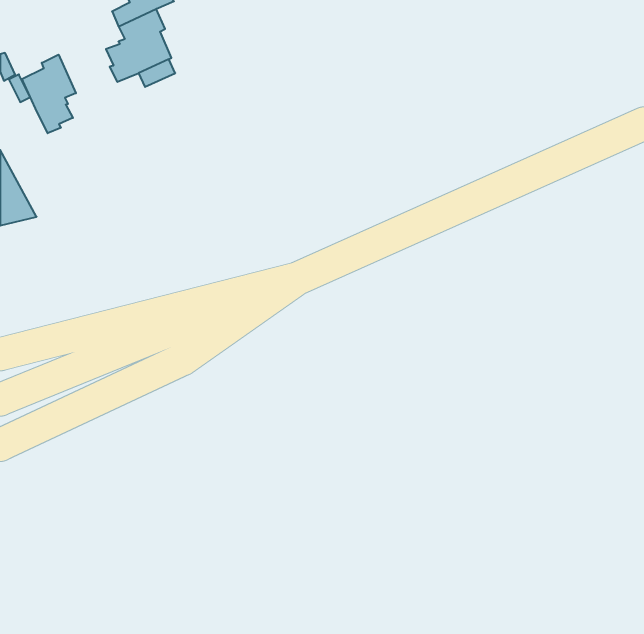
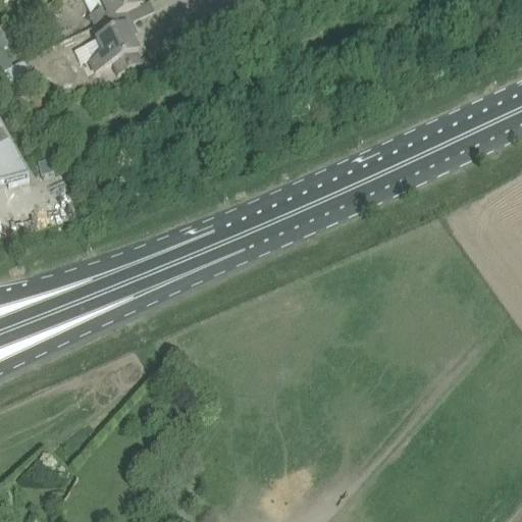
building: [22,55,76,133] -> none

